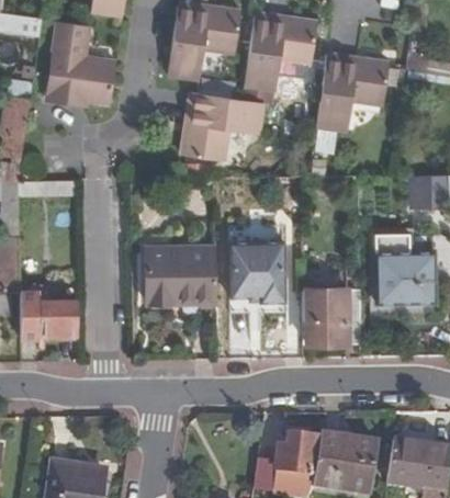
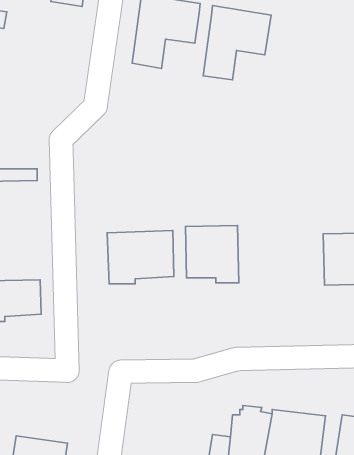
building: [44,15,113,99] -> none
building: [315,54,387,132] -> none
building: [185,90,266,159] -> none
building: [302,287,359,346] -> none

